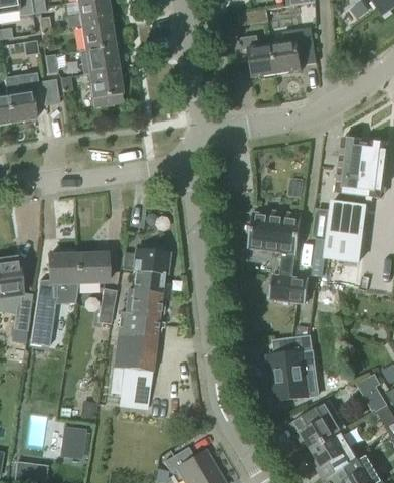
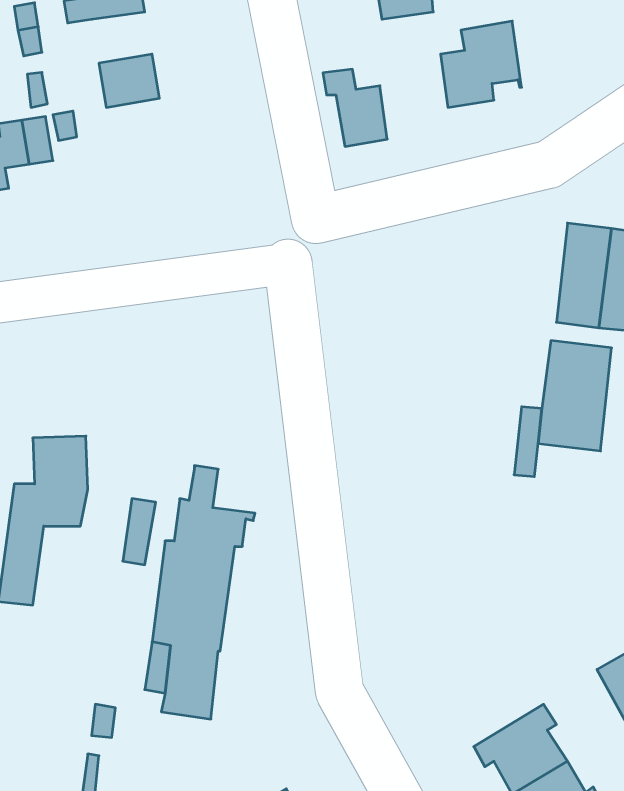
building: [80,22,114,50] -> none
building: [240,36,275,78] -> [323,69,387,146]
building: [88,69,122,107] -> none
building: [247,211,308,303] -> none
building: [123,246,172,296] -> none
building: [77,254,107,283] -> none
building: [266,335,312,401] -> none

